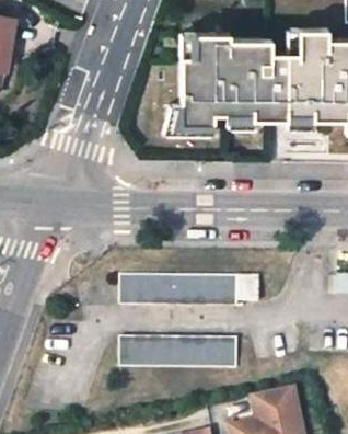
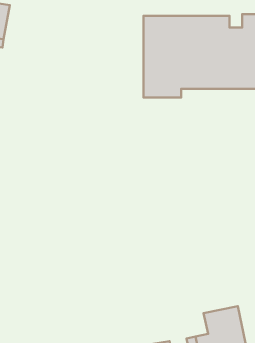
building: [119,274,258,305] -> none
building: [119,335,236,366] -> none

